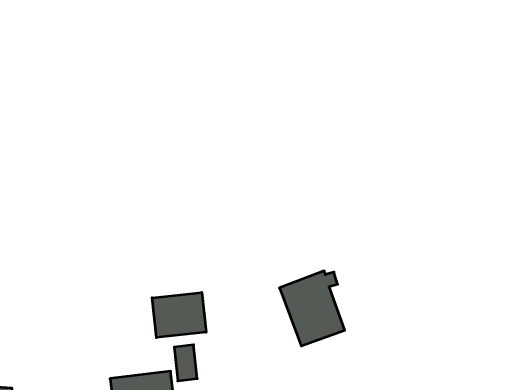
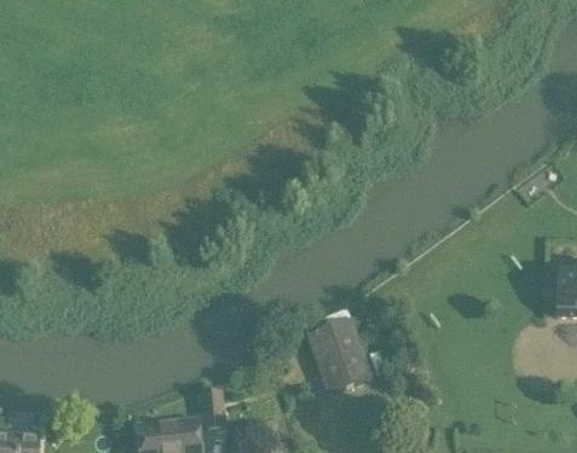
building: [152,292,206,338] -> none

